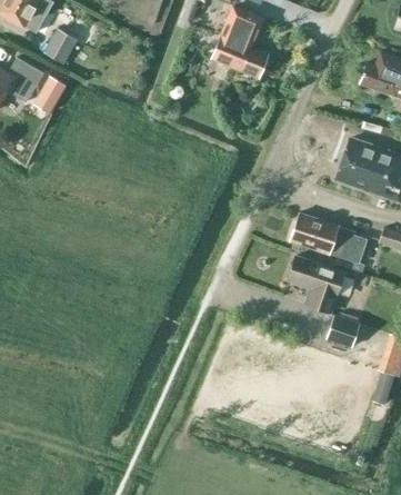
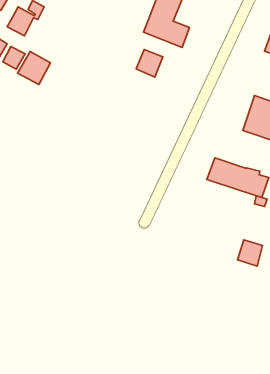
building: none -> [136,50,163,77]
building: none -> [17,52,50,84]
building: [287,257,342,313] -> none

